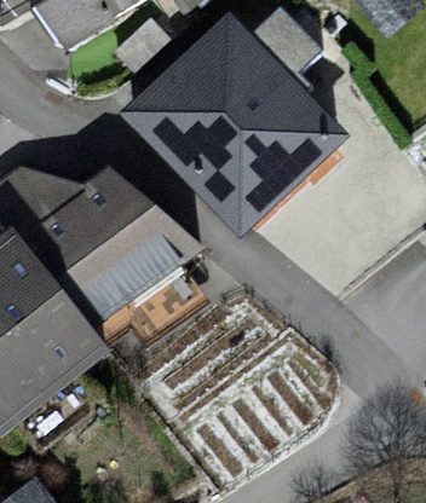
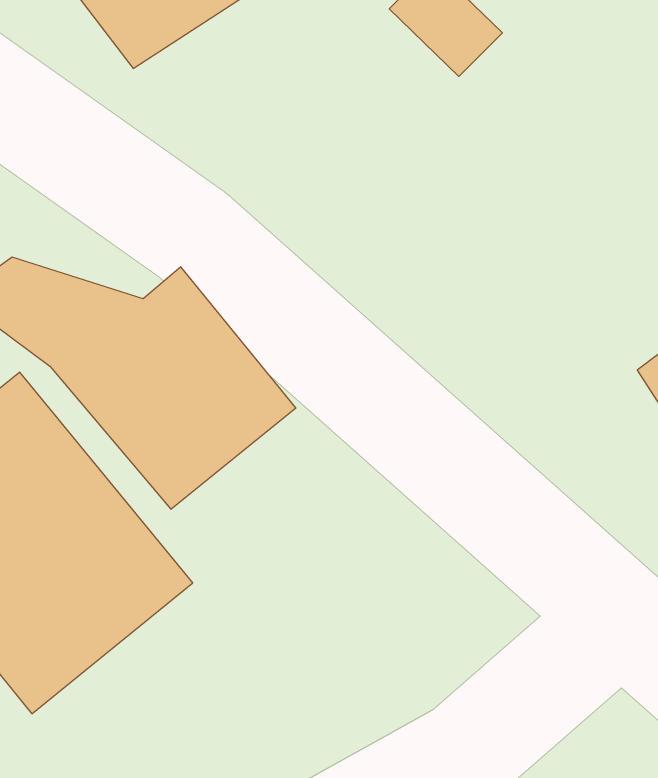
building: [136,19,310,189] -> none

